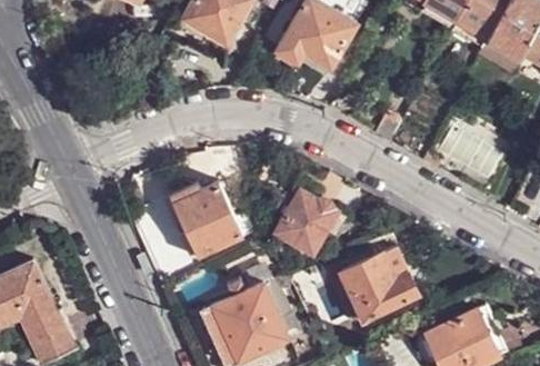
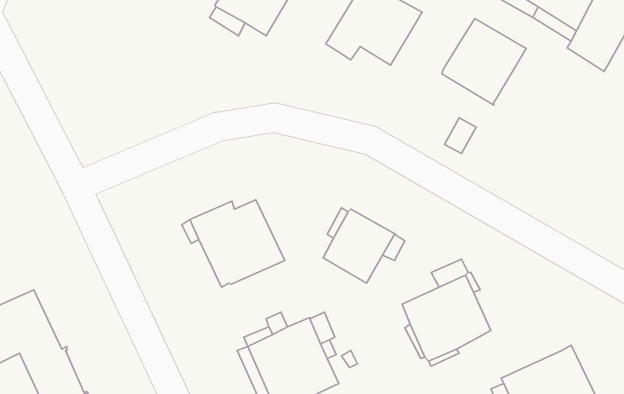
building: none -> [442,18,526,105]

